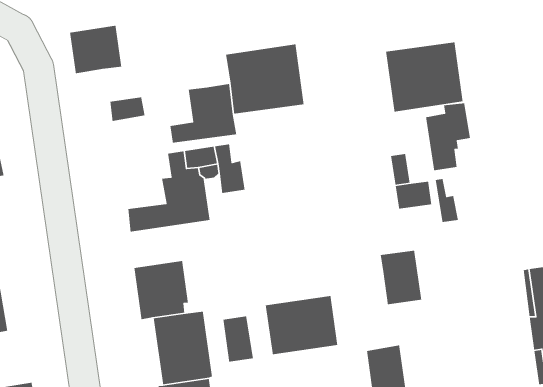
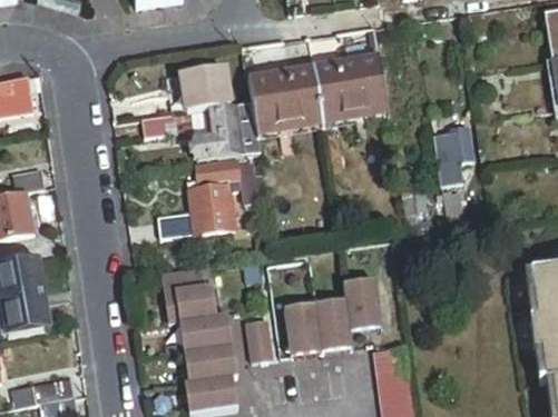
building: [69,25,122,74] -> [183,66,232,111]
building: [385,42,464,113] -> [314,56,386,121]
building: [380,250,422,305] -> [344,277,383,328]

